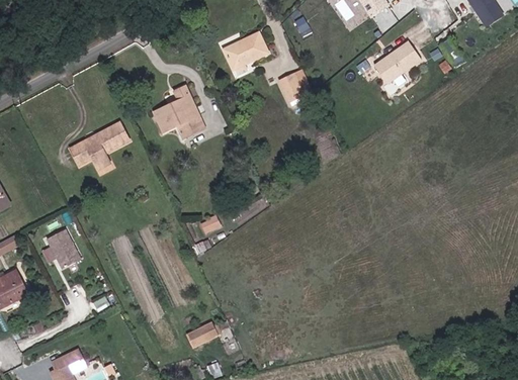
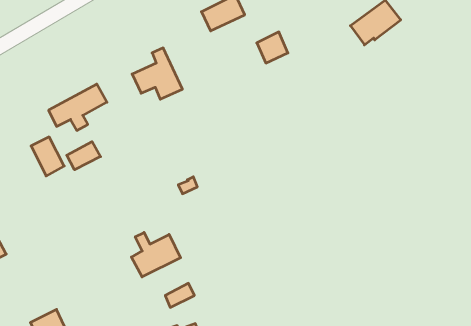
building: none -> [67,142,101,170]
building: [47,229,80,269] -> [31,137,64,176]
building: none -> [131,232,181,277]

